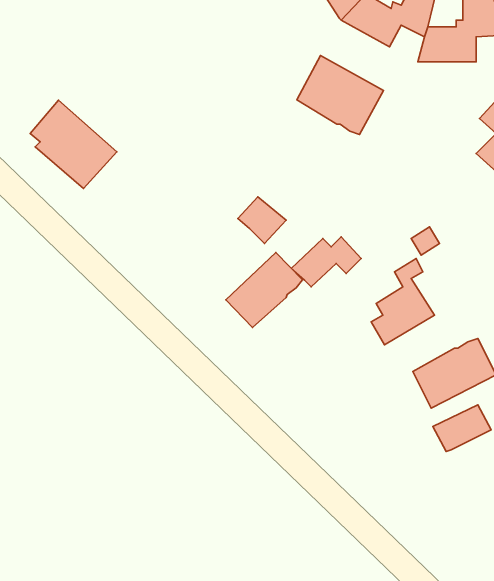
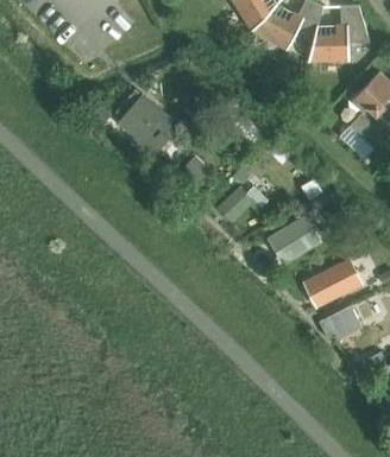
building: [297,56,383,134] -> none
building: [30,100,117,188] -> [114,89,176,152]
building: [226,252,302,327] -> none

